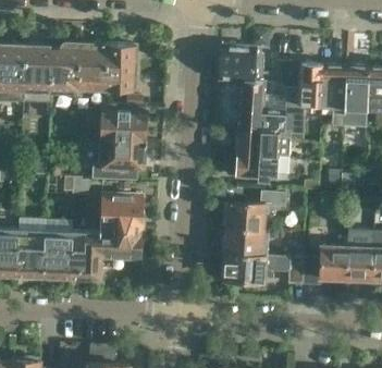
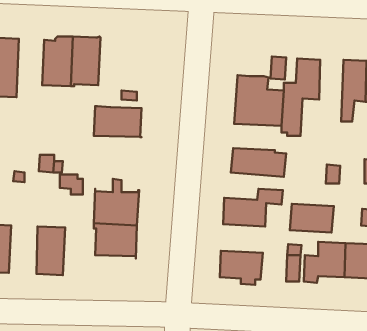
building: [103,44,135,90] -> none
building: [23,45,50,103] -> none
building: [219,46,267,82] -> none
building: [321,65,345,126] -> none
building: [236,128,284,155] -> none
building: [93,140,147,180] -> none
building: [224,228,268,256] -> [290,204,334,233]
building: [15,229,44,277] -> none
building: [69,231,102,279] -> none

